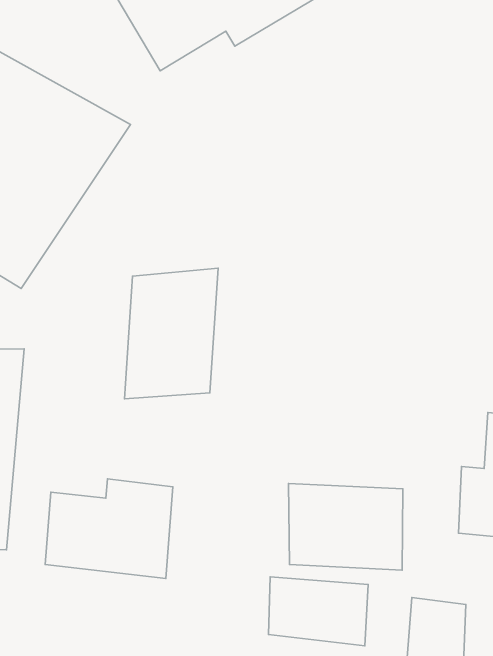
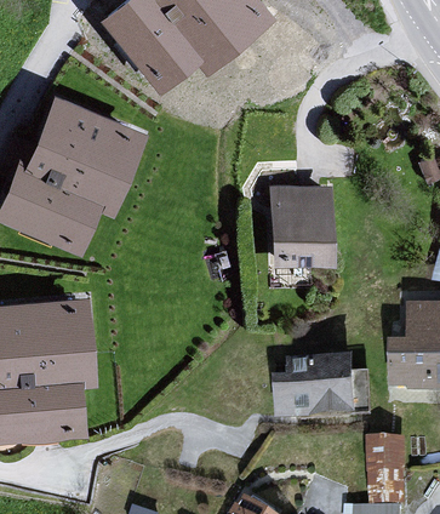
building: [124,268,218,399] -> [272,176,332,272]
building: [45,479,173,578] -> none
building: [269,577,368,646] -> none

